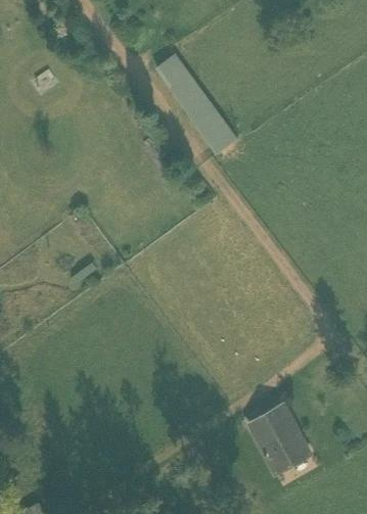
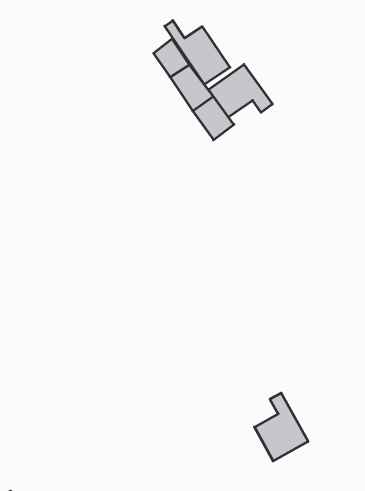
building: none -> [165,20,230,85]
building: none -> [209,64,272,117]

